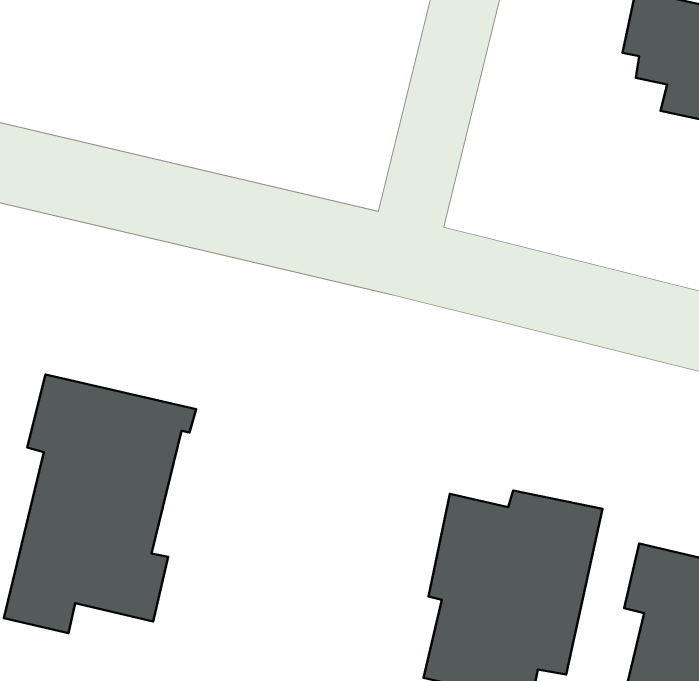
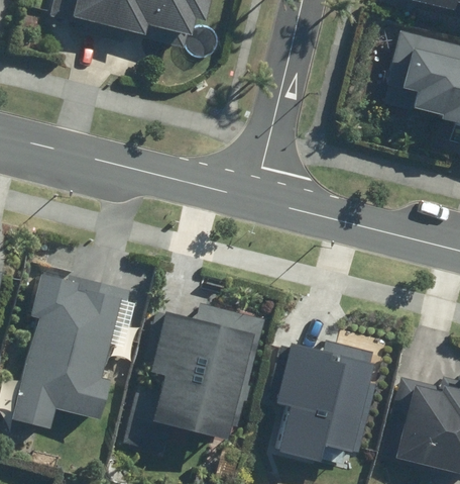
building: none -> [145,302,260,442]

